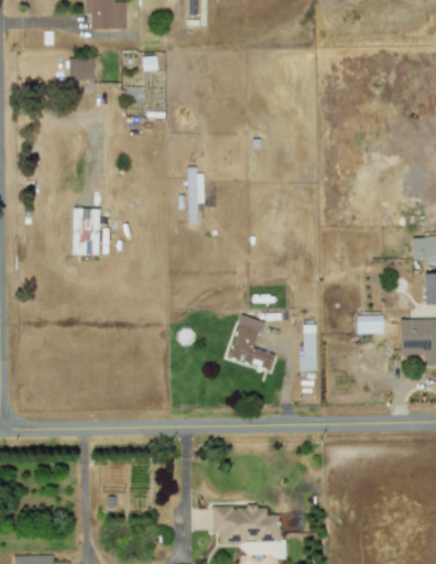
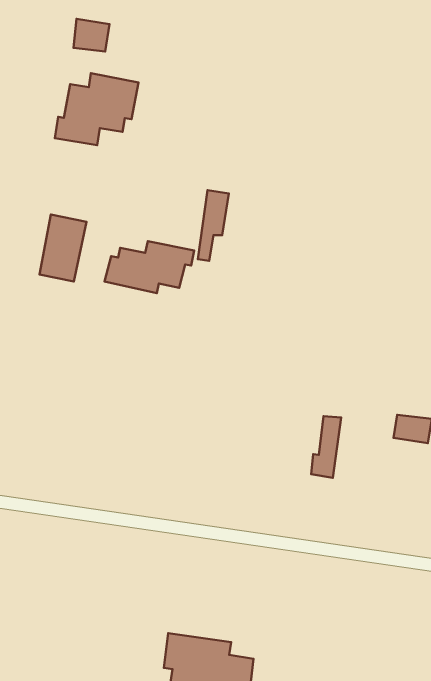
building: none -> [55,73,138,145]
building: none -> [105,241,194,293]
building: [230,315,276,369] -> none

